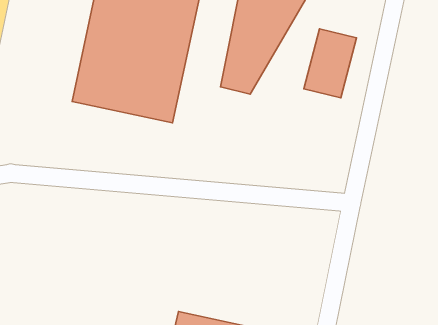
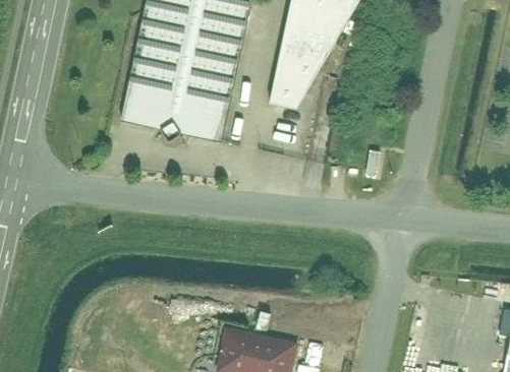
building: [304,29,357,98] -> none

